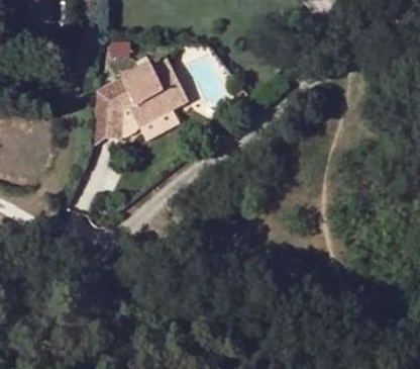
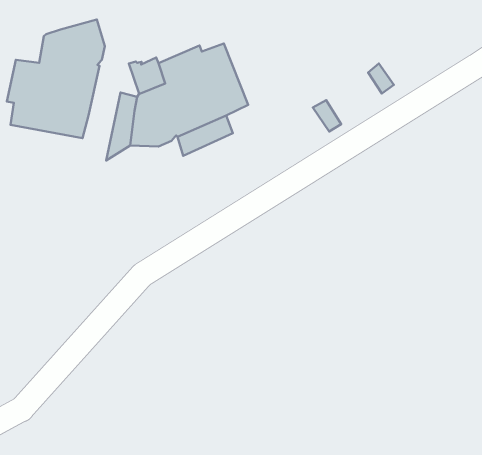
building: none -> [7,20,105,138]

